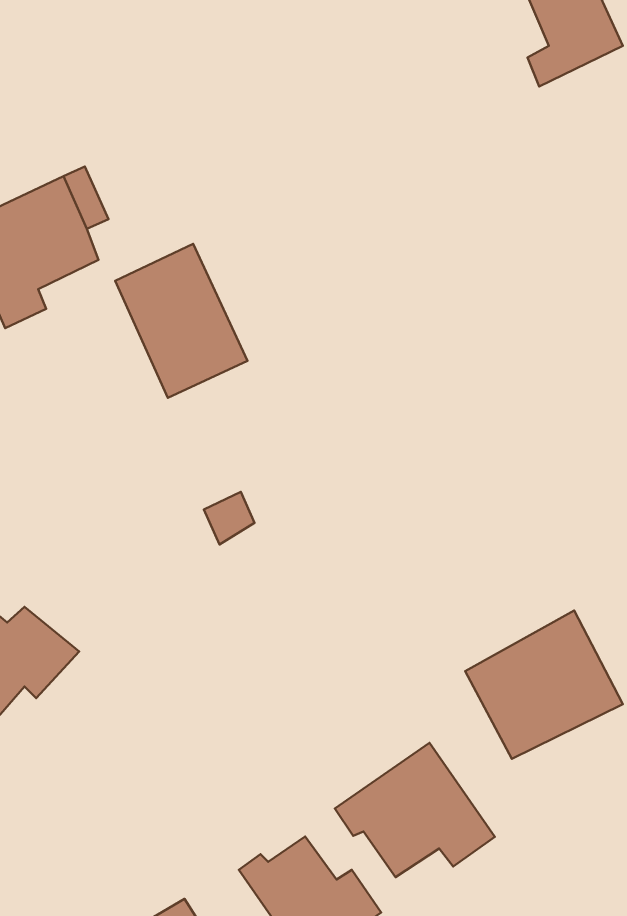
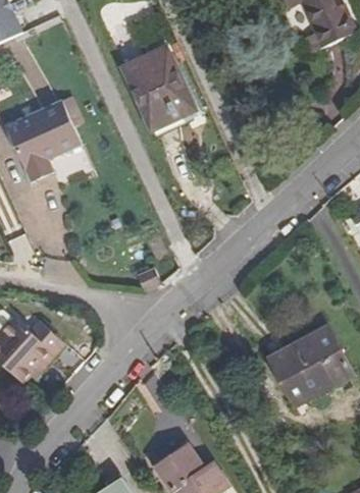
building: [115,244,248,398] -> [123,47,193,127]
building: [335,743,495,877] -> none

